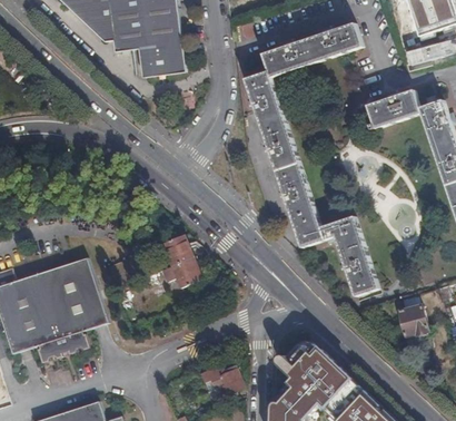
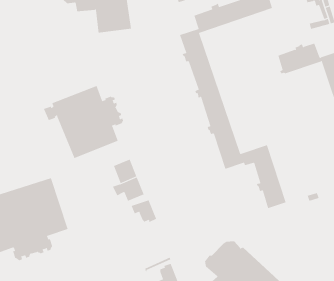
building: none -> [43,85,124,159]
building: none -> [131,199,157,223]
building: [397,304,428,336] -> none

